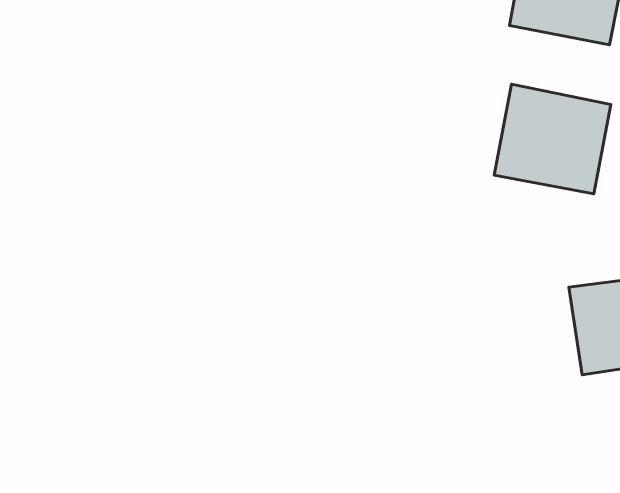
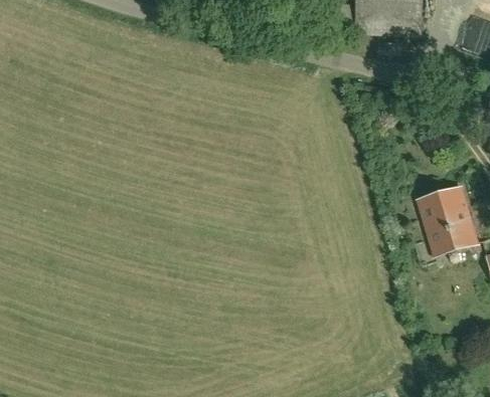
building: [494,84,611,194] -> none

